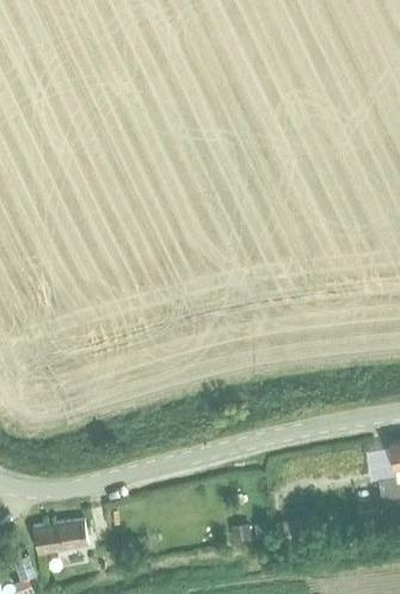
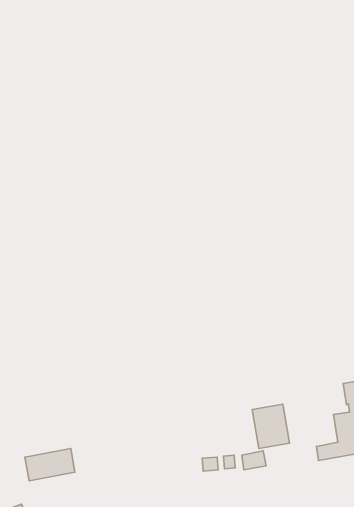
building: none -> [252,404,289,448]

